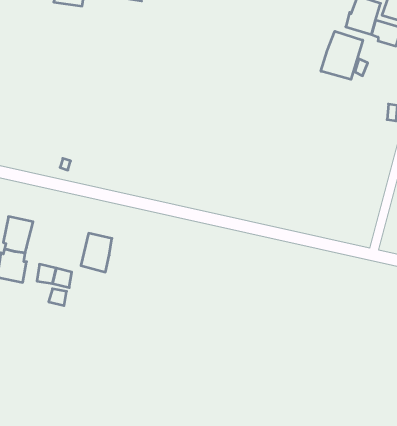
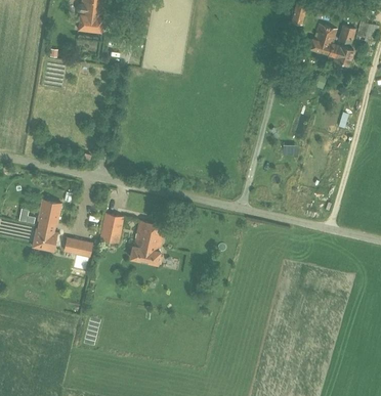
building: [321,31,363,79] -> none
building: none -> [130,220,165,264]

